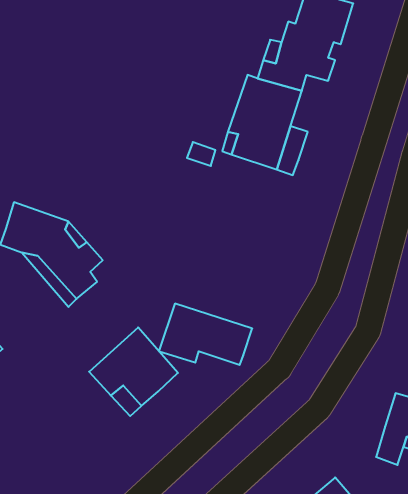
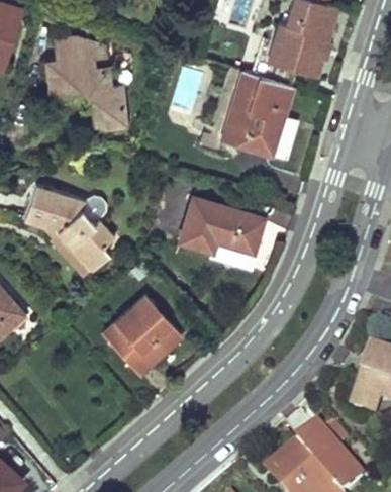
building: none -> [44,38,123,126]
building: [159,304,252,365] -> [179,194,262,249]

